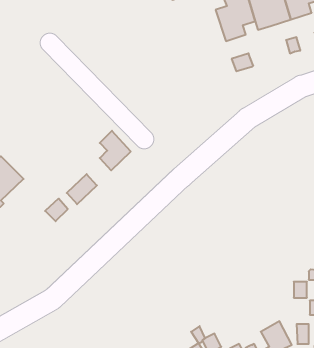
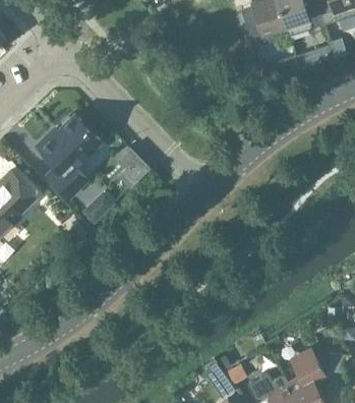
building: none -> [38,116,101,197]

